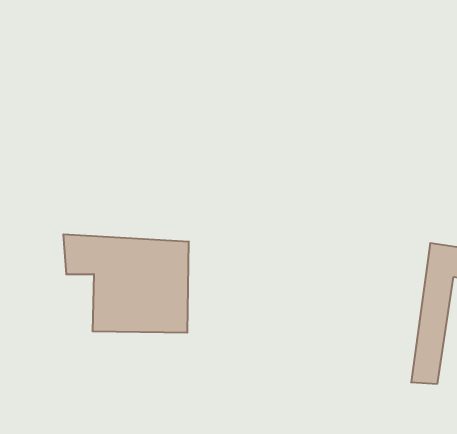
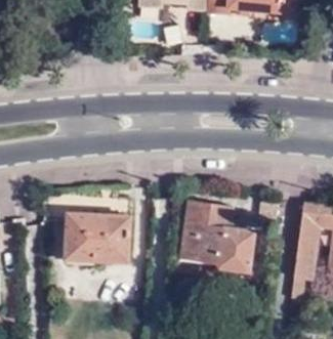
building: none -> [178,197,255,278]

